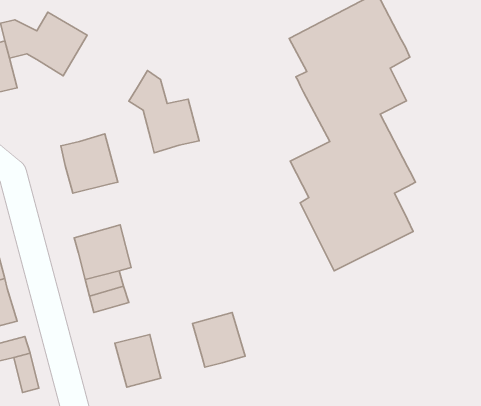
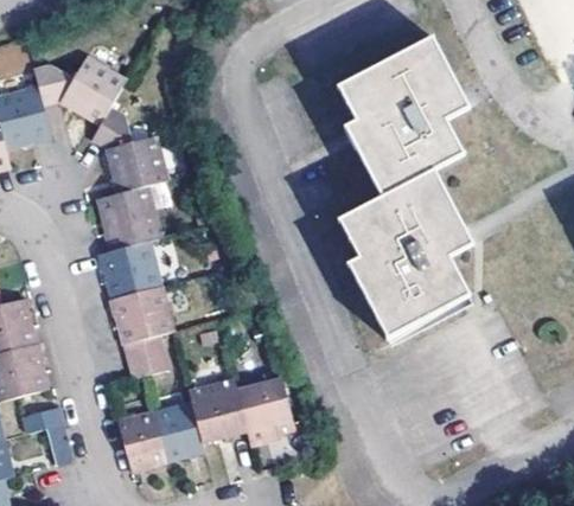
building: [129,71,199,153] -> [88,105,164,194]
building: none -> [97,241,159,299]
building: none -> [189,384,248,441]
building: none -> [115,412,166,470]

